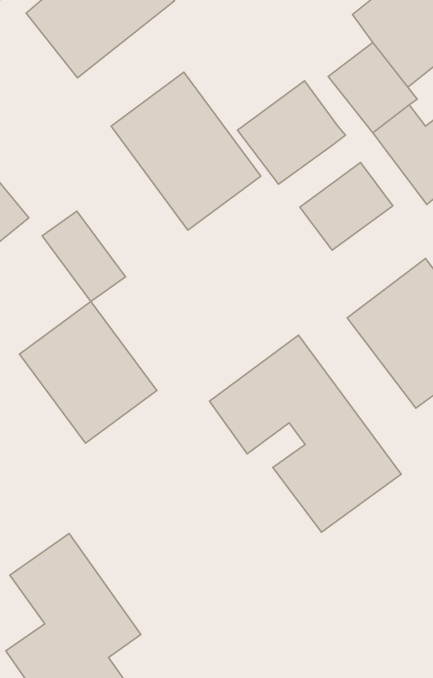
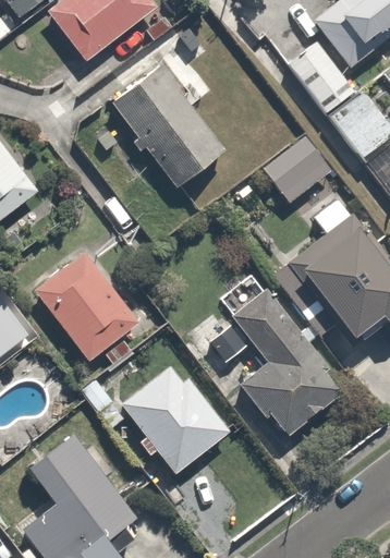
building: [237,81,346,184] -> none
building: [42,211,125,302] -> none
building: none -> [80,360,233,472]

